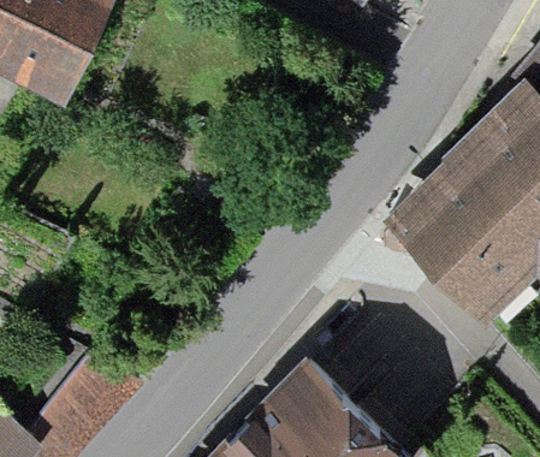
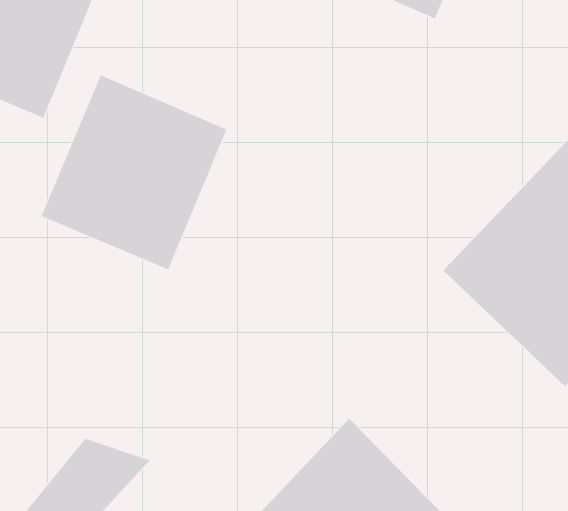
building: none -> [41,74,227,270]

